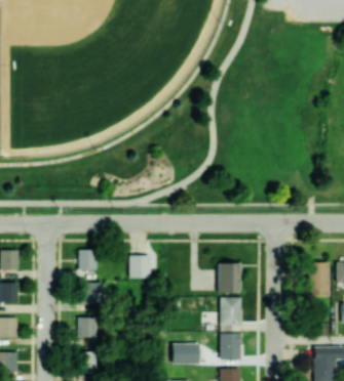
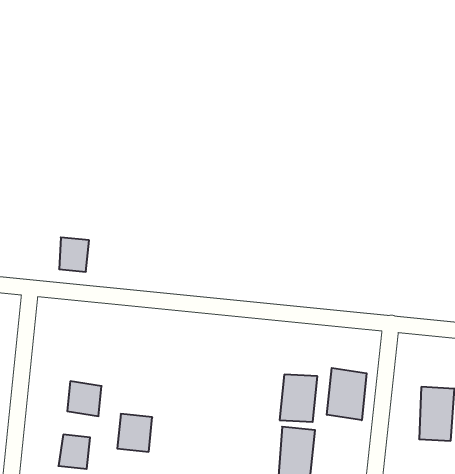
building: [78,250,97,270] -> [59,237,89,272]
building: [129,256,150,279] -> [117,414,152,452]
building: none -> [327,368,367,420]

